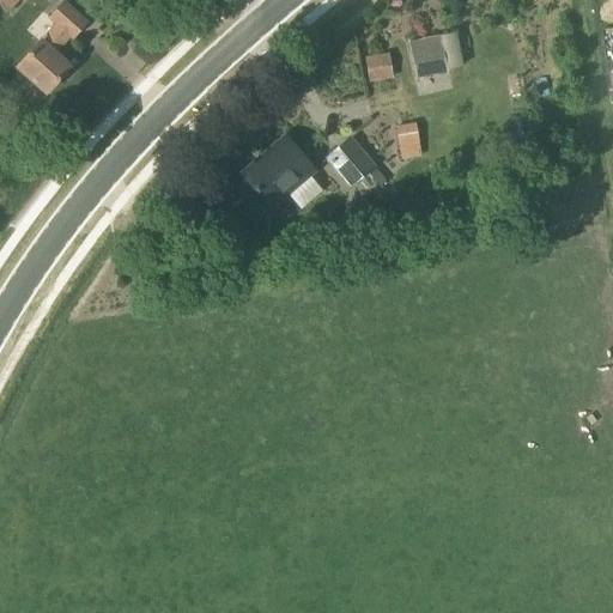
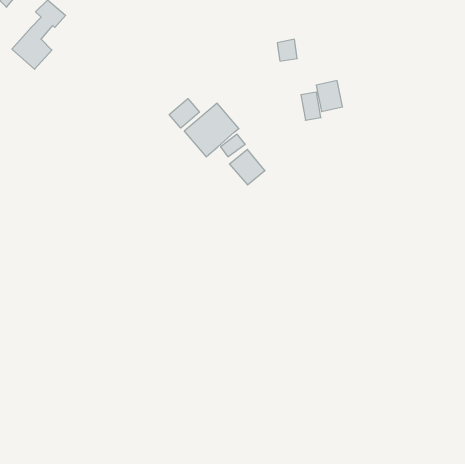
building: [412,35,447,75] -> [316,81,343,112]
building: none -> [169,99,199,128]
building: [328,136,375,183] -> [229,149,265,185]

